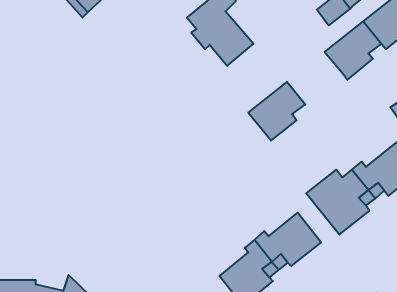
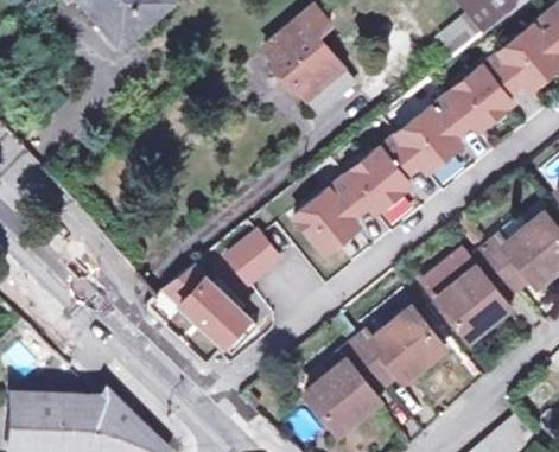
building: none -> [398,91,474,170]
building: none -> [294,173,370,252]
building: none -> [225,229,280,282]
building: none -> [165,265,256,354]

